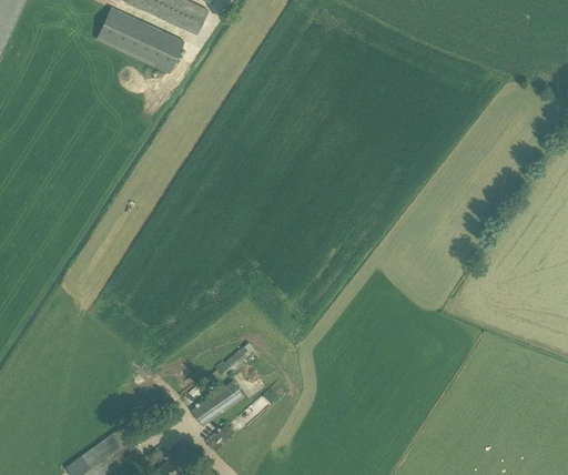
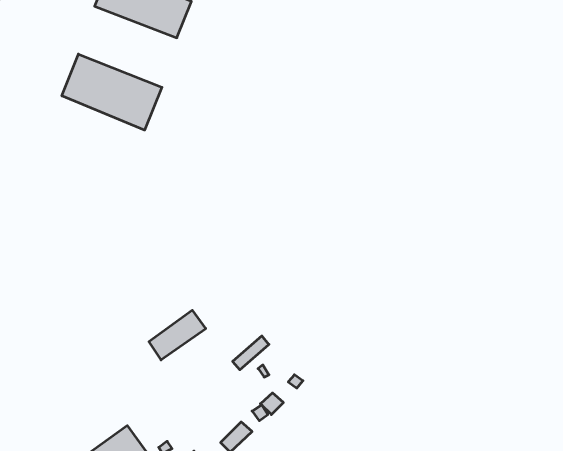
building: none -> [62,54,162,130]
building: [195,380,247,425] -> [149,310,206,360]

